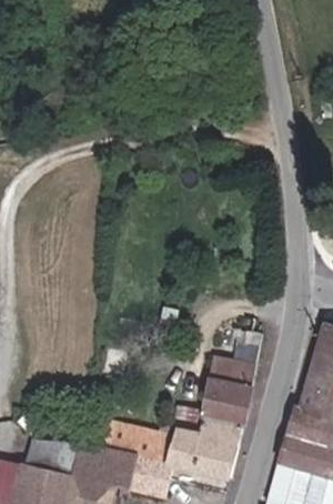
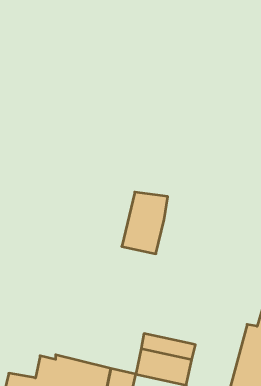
building: [195,357,251,432] -> [122,192,168,254]
building: [100,421,175,468] -> none

